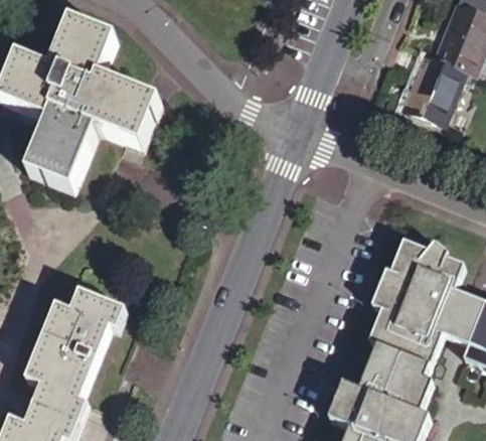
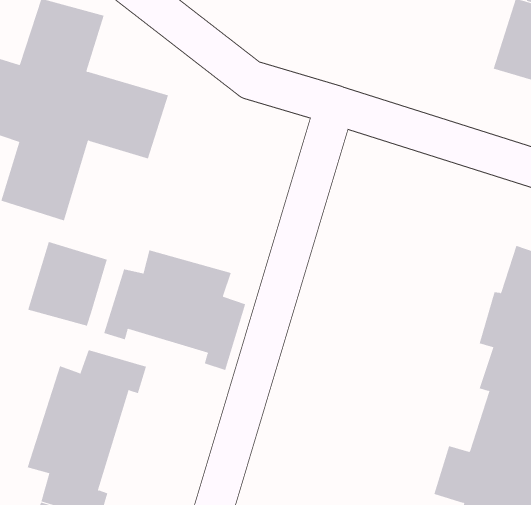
building: none -> [28,241,107,327]
building: none -> [104,249,246,371]

